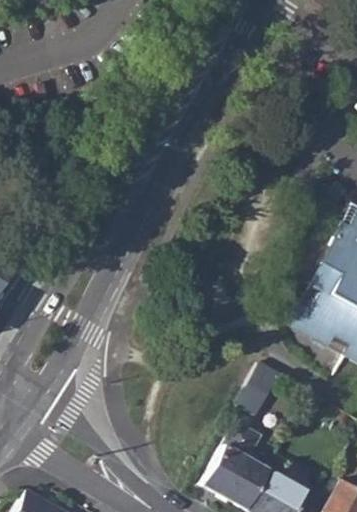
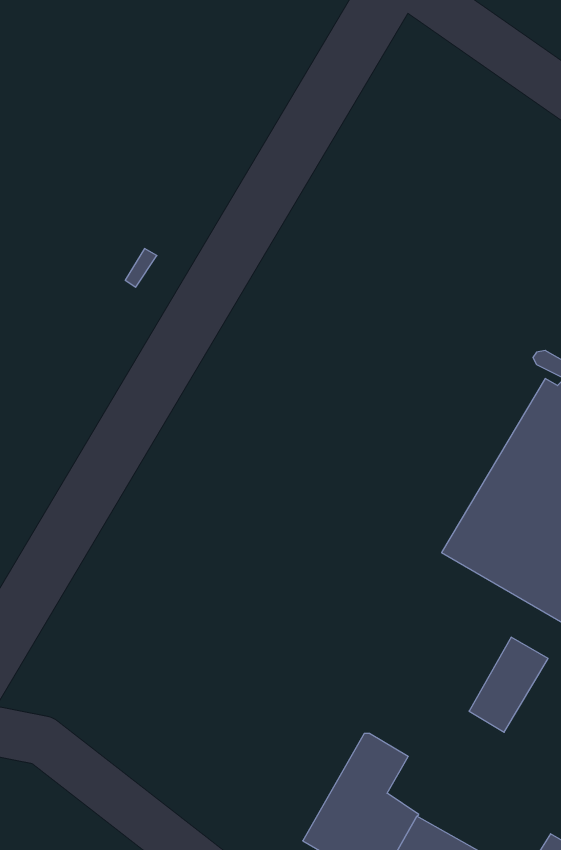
building: [237,360,282,414] -> [469,637,548,732]

